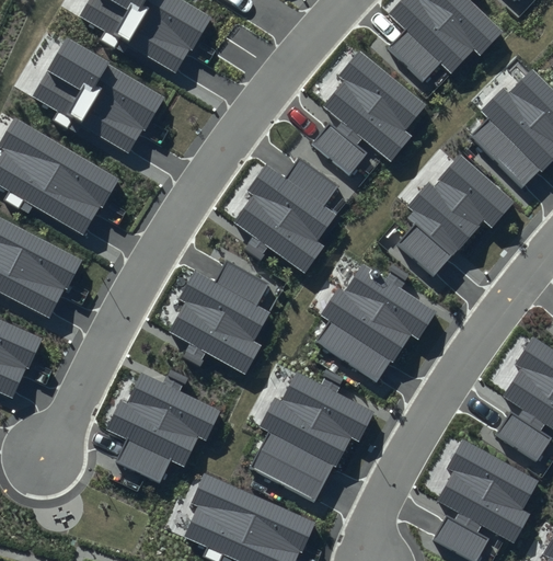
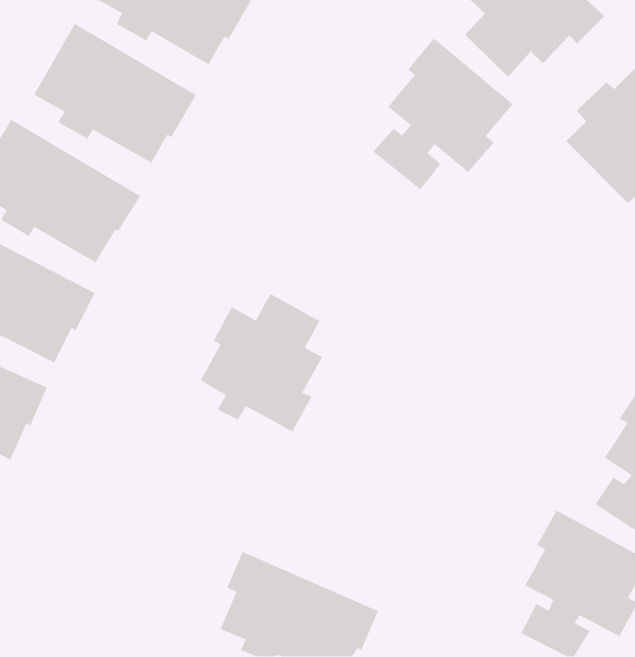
building: [396,156,515,277] -> none
building: [234,157,338,273] -> none
building: [315,264,436,381] -> none
building: [107,370,221,482] -> none
building: [251,370,376,500] -> none

